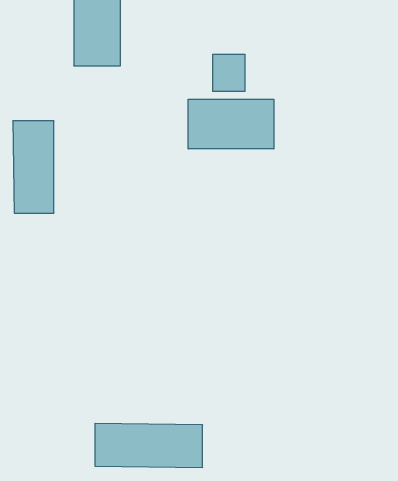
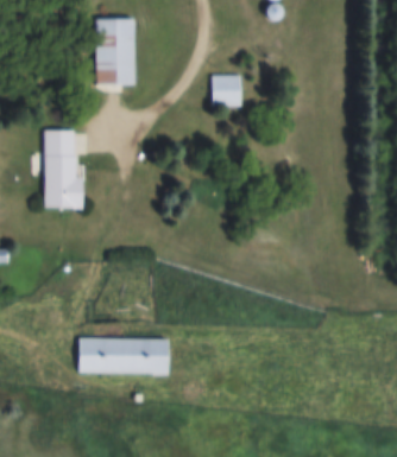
building: [188,99,274,149] -> none
building: [95,423,203,467] -> [78,337,169,374]

